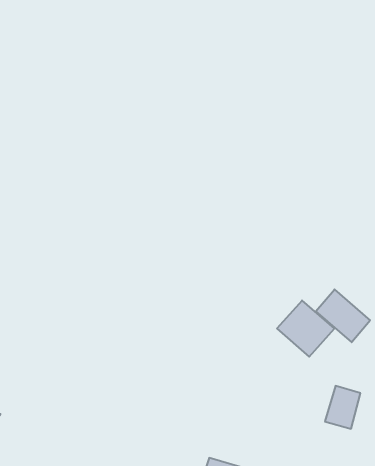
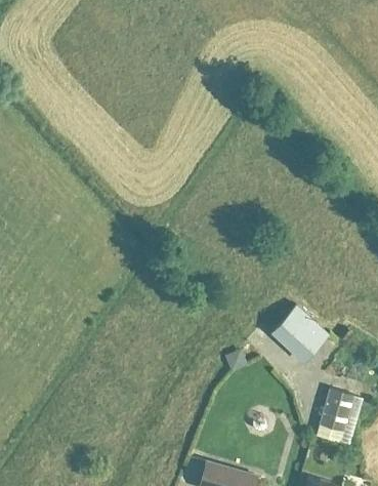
building: [316,289,370,342] -> none

